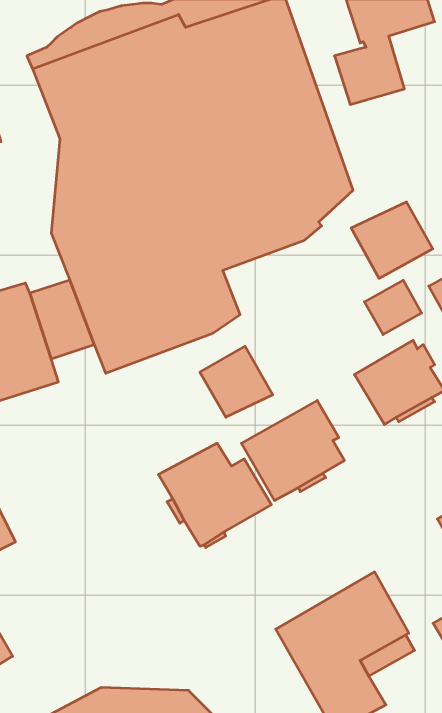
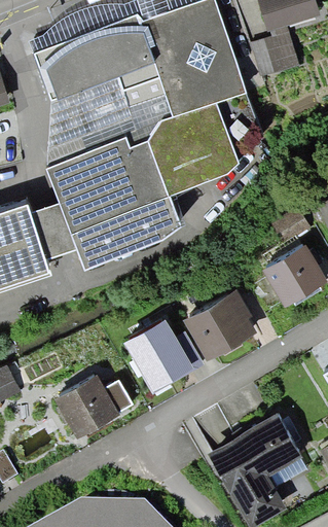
building: [351,202,433,278] -> none
building: [200,346,273,417] -> none
building: none -> [53,375,132,438]

